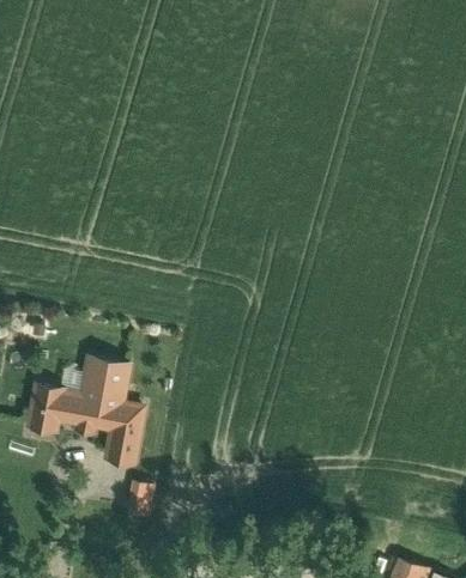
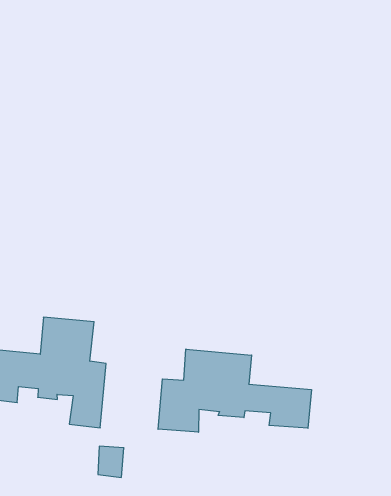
building: none -> [158,349,311,432]

